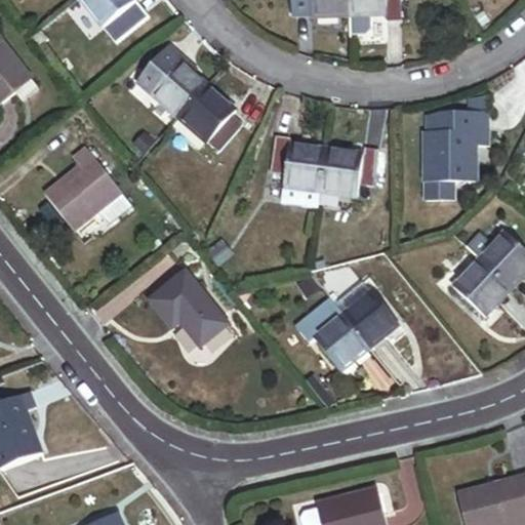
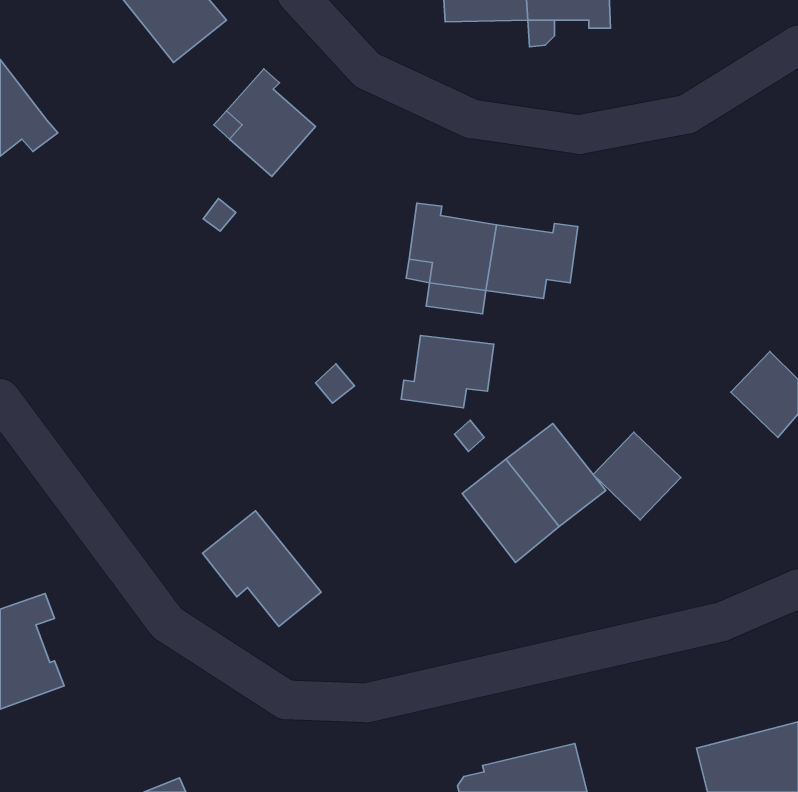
building: [172,83,242,150] -> none
building: [426,110,489,180] -> none
building: [44,147,130,229] -> none
building: none -> [401,336,494,408]
building: [453,257,511,315] -> [593,432,681,520]
building: [150,270,228,346] -> [202,511,321,627]

